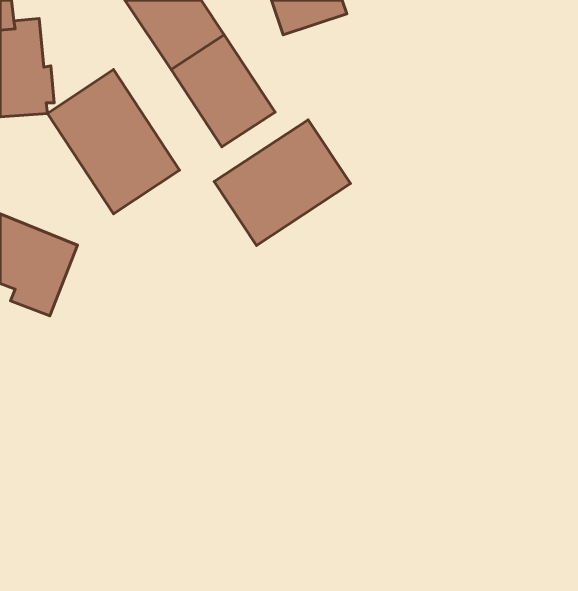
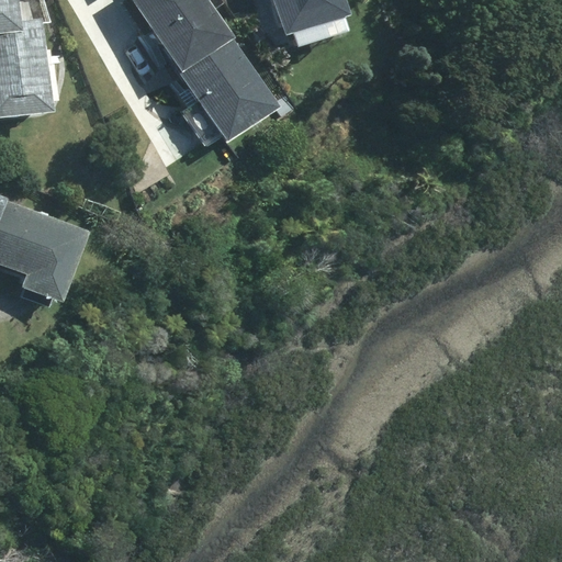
building: [47,70,180,214] -> none
building: [214,120,350,245] -> none

